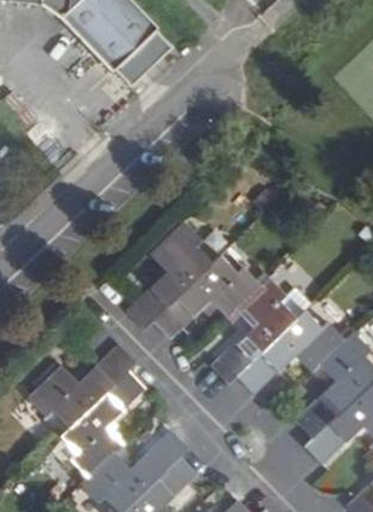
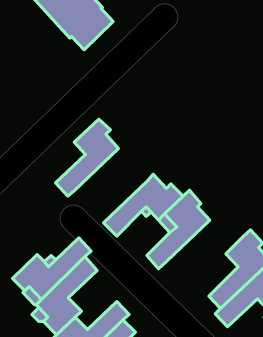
building: [127,223,212,328] -> [56,119,118,196]
building: [238,309,343,392] -> none

